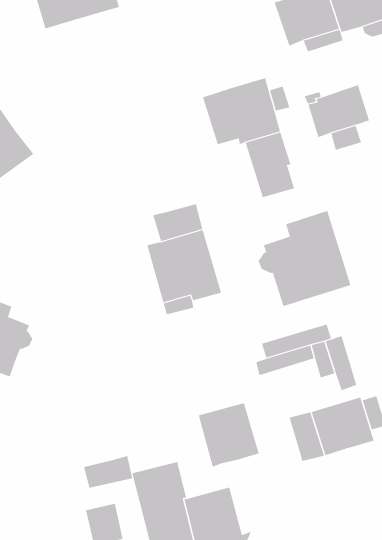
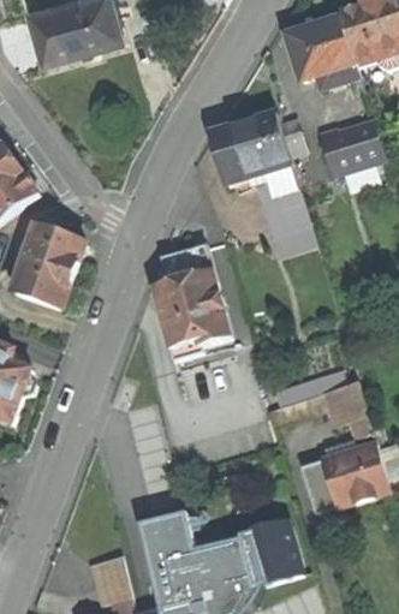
building: none -> [13,226,85,308]
building: [258,210,351,307] -> none
building: [198,403,259,467] -> [238,520,302,588]
building: [84,455,133,489] -> none

